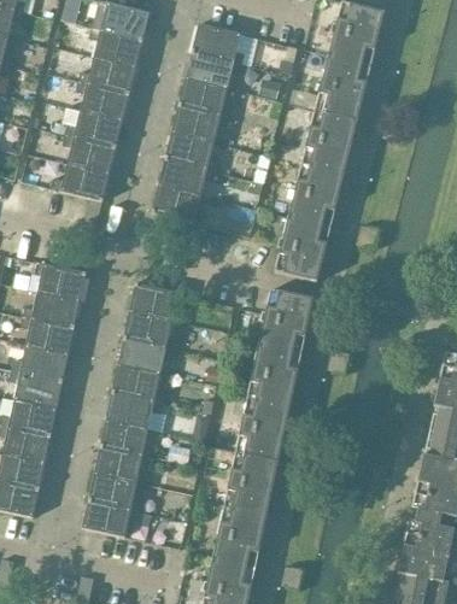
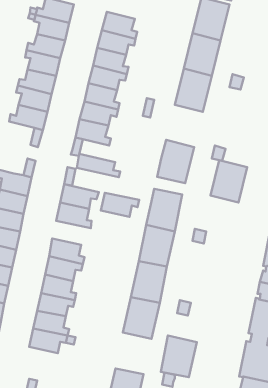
building: [288,163,344,227] -> [210,160,247,203]
building: none -> [77,154,120,177]
building: [117,338,175,374] -> [101,193,139,217]
building: [212,505,266,568] -> [161,336,197,377]

